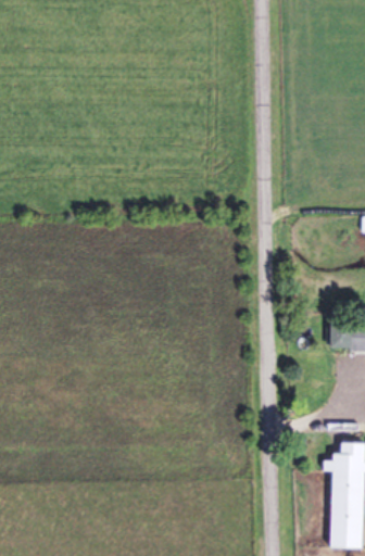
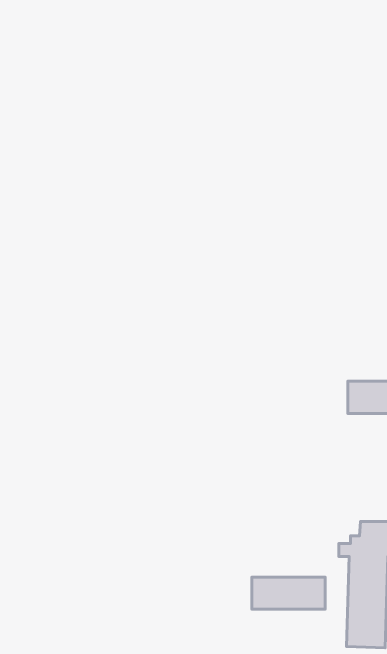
building: none -> [252,577,325,609]

